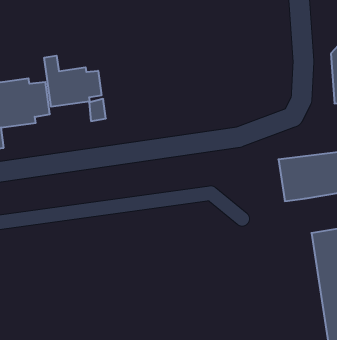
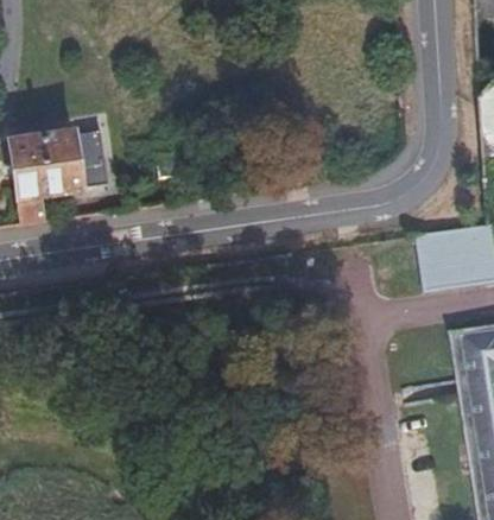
building: [44,56,101,107] -> none

